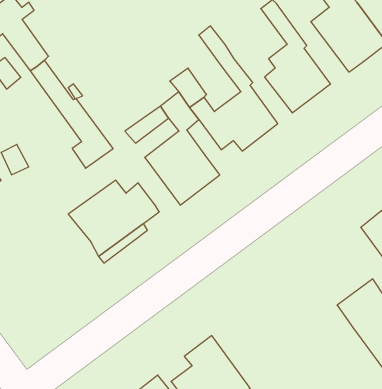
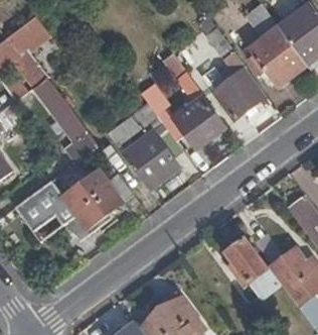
building: none -> [20,182,81,242]
building: none -> [226,237,281,297]

